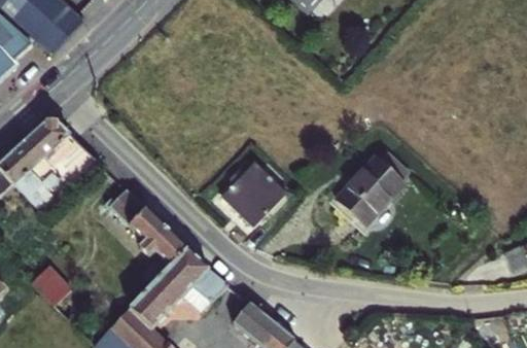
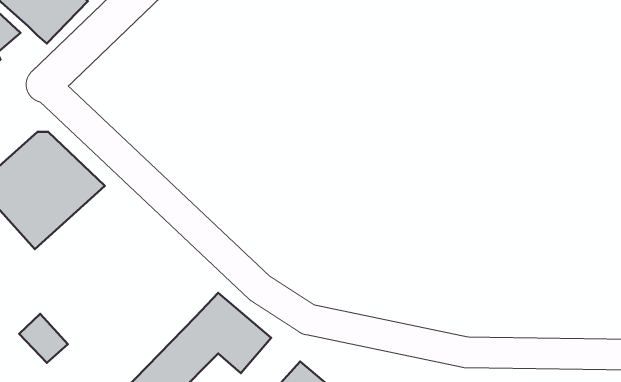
building: [333,158,400,225] -> none
building: [221,160,285,225] -> none
building: [103,189,186,267] -> none

